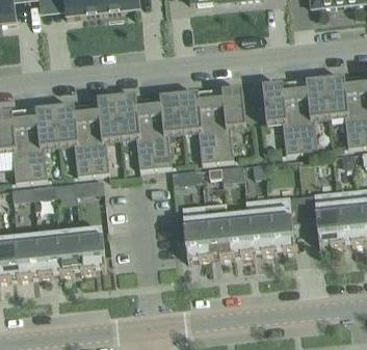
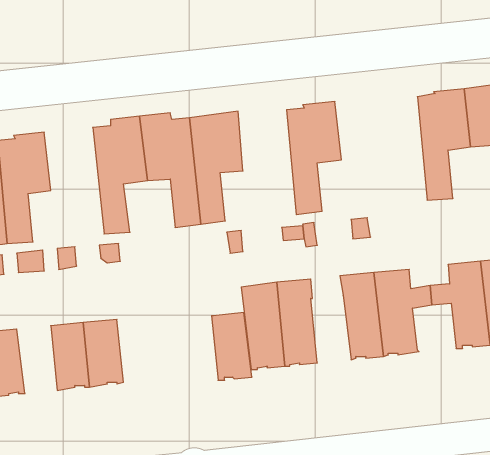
building: [261,84,300,154] -> none
building: [179,92,216,162] -> none
building: [54,105,93,176] -> none
building: [226,213,252,257] -> [212,313,252,380]
building: [36,233,62,276] -> none

